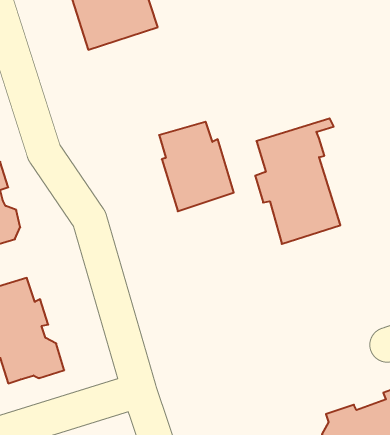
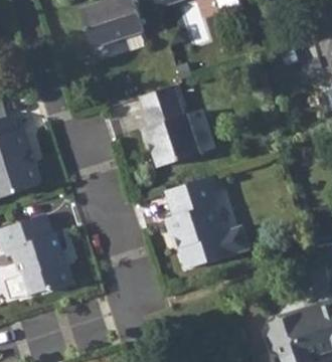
building: [255,118,340,244] -> [164,173,228,267]

